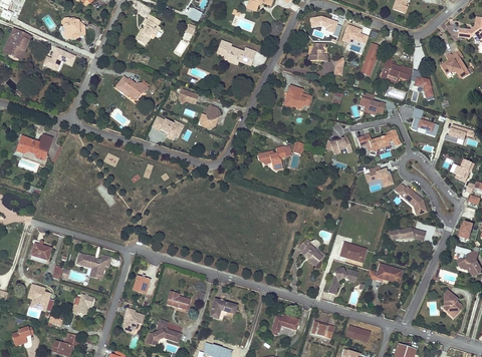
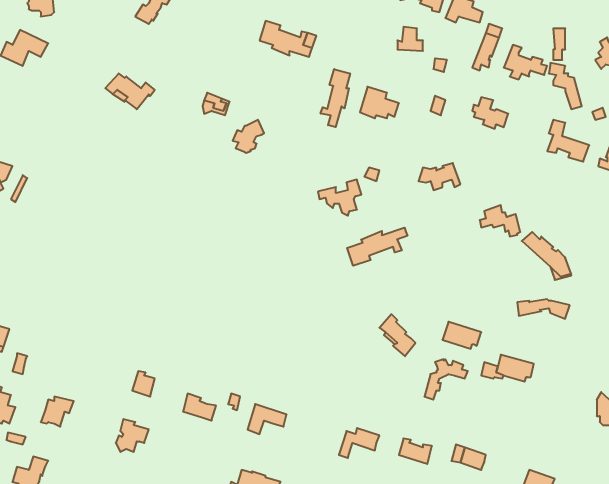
building: none -> [321,69,350,127]
building: [153,115,185,140] -> none
building: [357,129,401,154] -> none
building: none -> [347,228,407,266]
building: [75,252,111,275] -> none
building: [147,318,181,344] -> none

